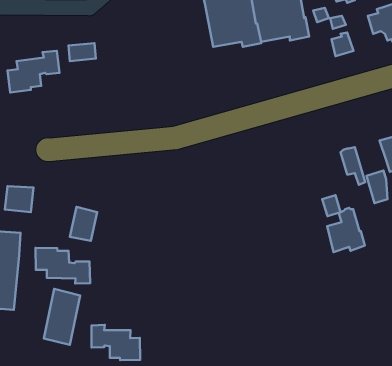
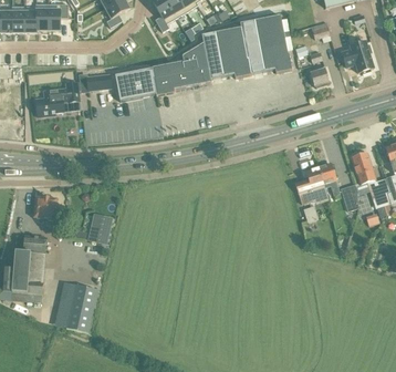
building: none -> [115,42,211,101]
building: [327,208,365,252] -> [296,166,329,204]
building: [35,248,90,284] -> none
building: [91,325,140,360] -> none

